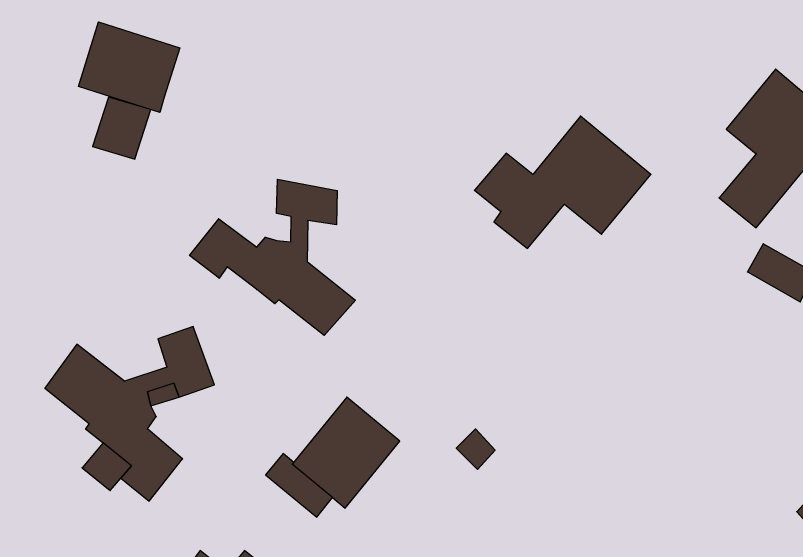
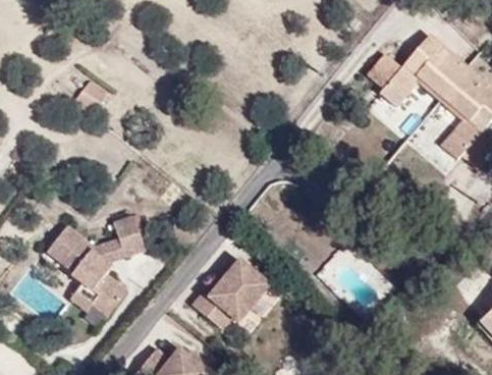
building: [79,22,180,112] -> none
building: [474,116,651,248] -> [369,33,471,109]
building: [190,179,355,335] -> none

